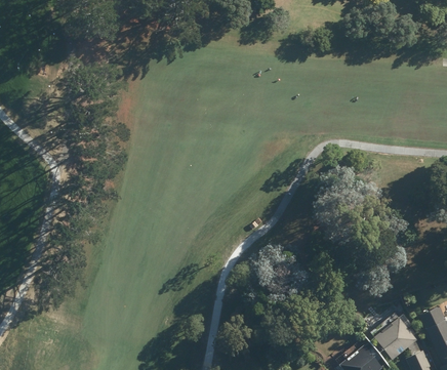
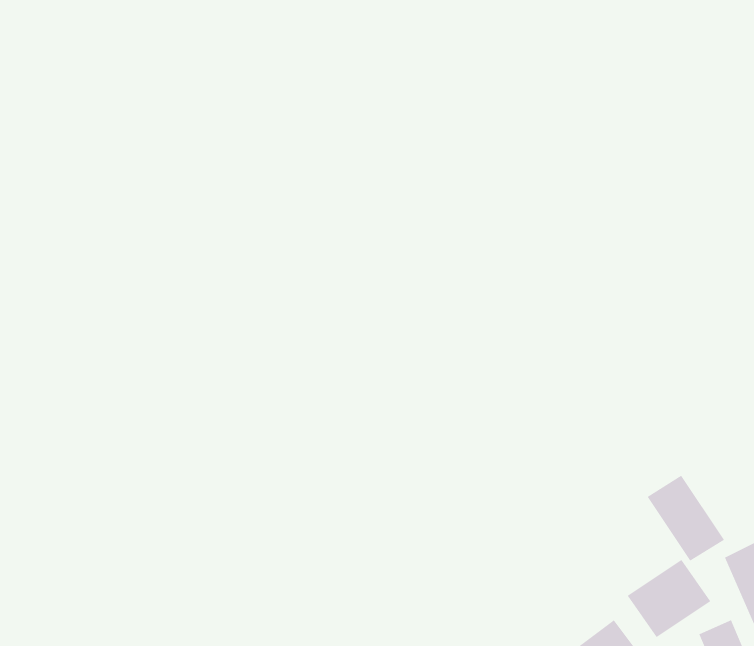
building: none -> [647,475,725,562]

